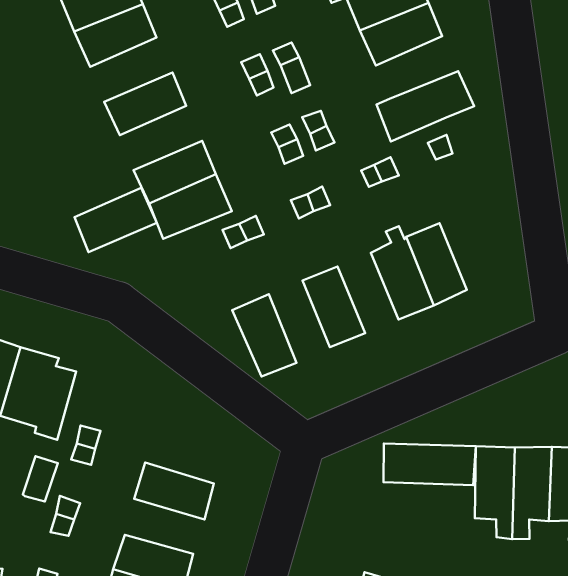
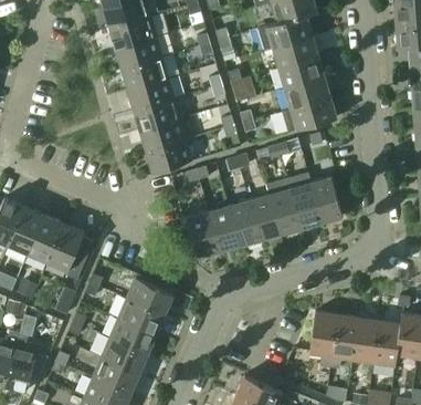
building: none -> [284,75,330,107]
building: none -> [122,56,168,90]
building: [75,188,157,252] -> [134,97,180,131]
building: none -> [309,176,343,221]
building: none -> [249,194,280,239]
building: none -> [208,205,239,251]
building: none -> [126,278,172,314]
building: [384,444,476,485] -> none
building: none -> [109,318,156,353]

